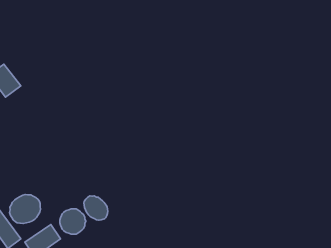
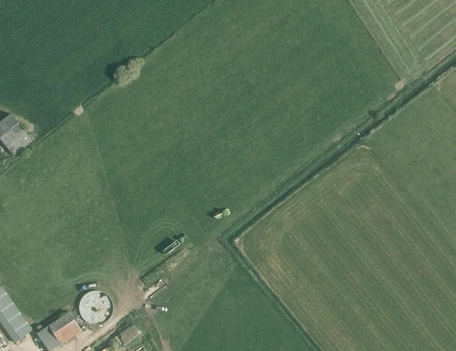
building: [9,194,41,224] -> none
building: [84,196,108,220] -> none

